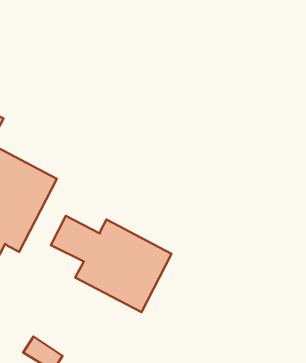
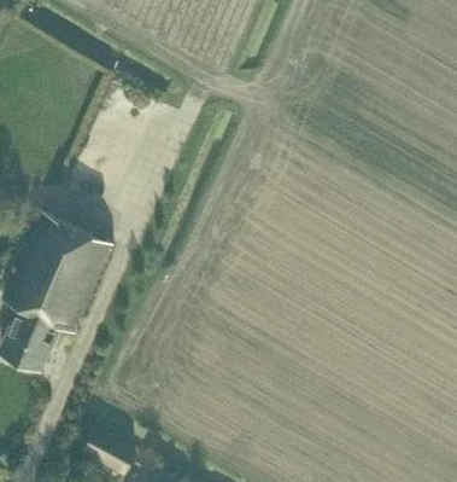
building: [51,216,172,312] -> none

